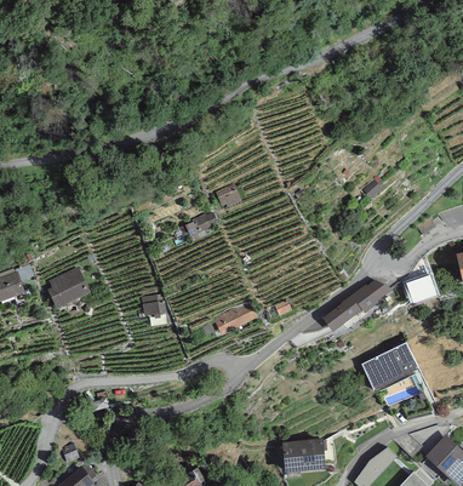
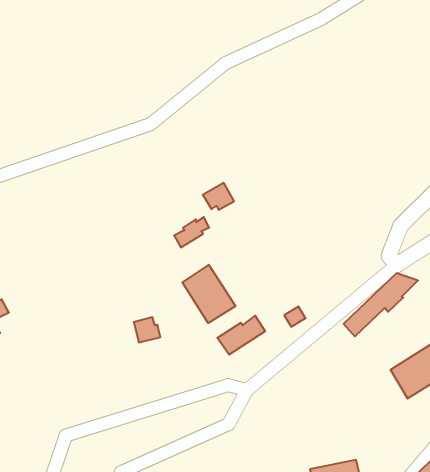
building: none -> [182,265,235,323]
building: [44,267,91,309] -> none

